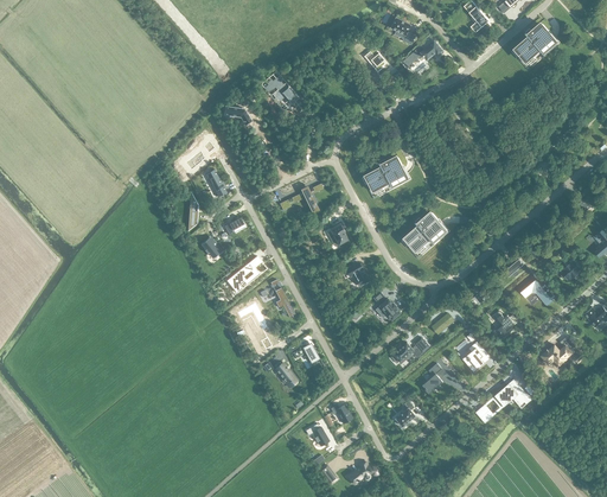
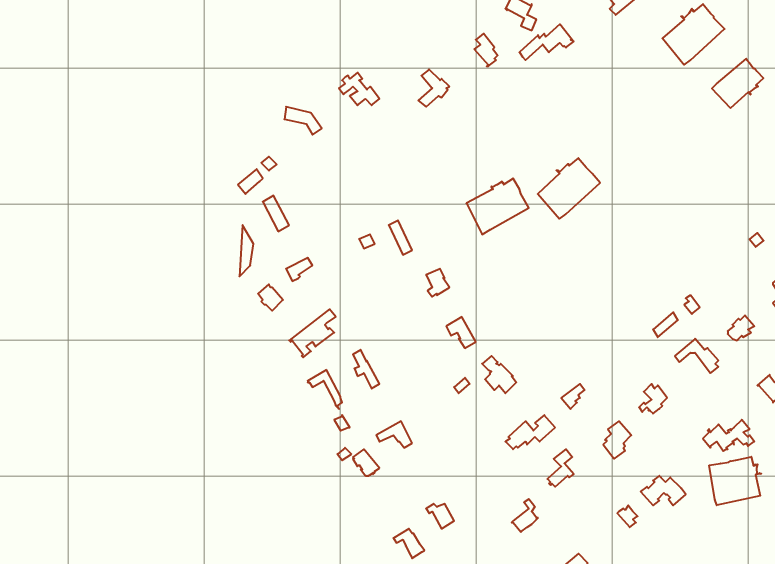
building: none -> [712,59,763,108]
building: [400,211,447,257] -> [538,158,600,219]
building: none -> [709,457,761,505]

